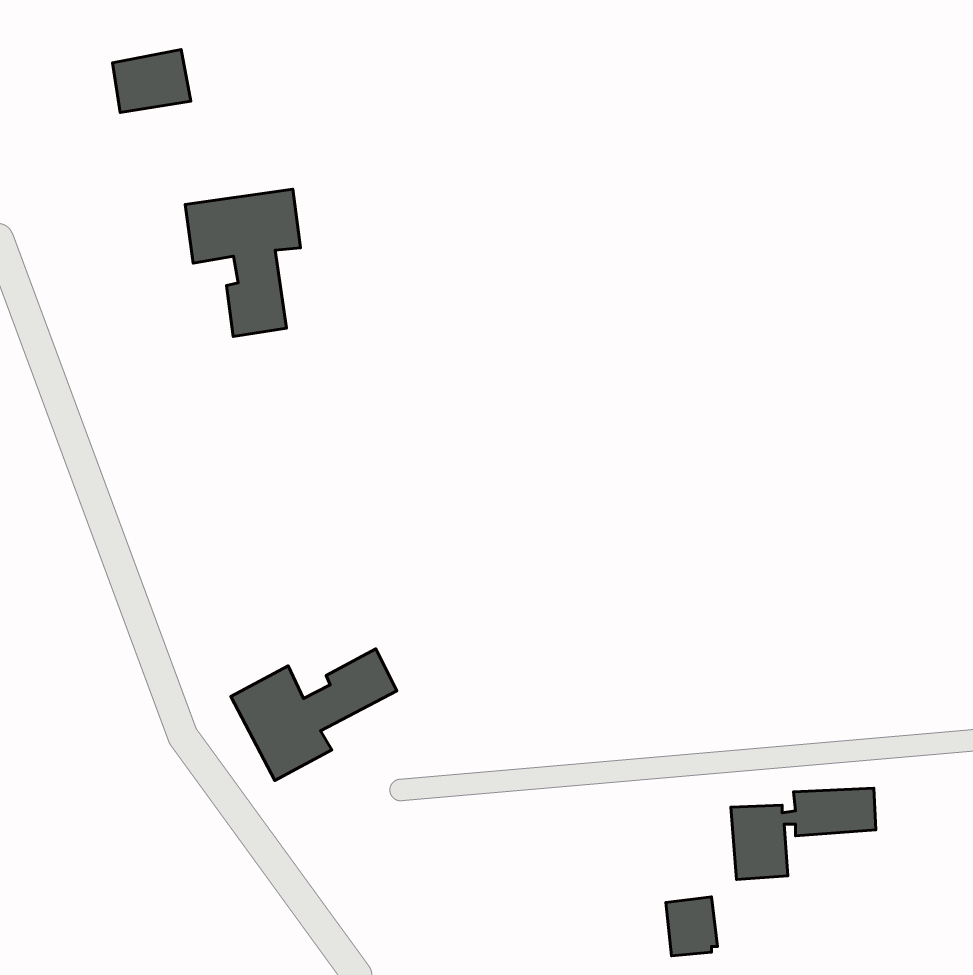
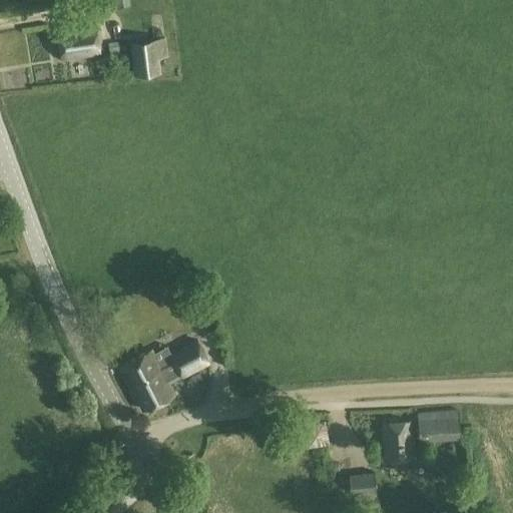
building: none -> [130,36,169,75]
building: [185,189,301,337] -> none

